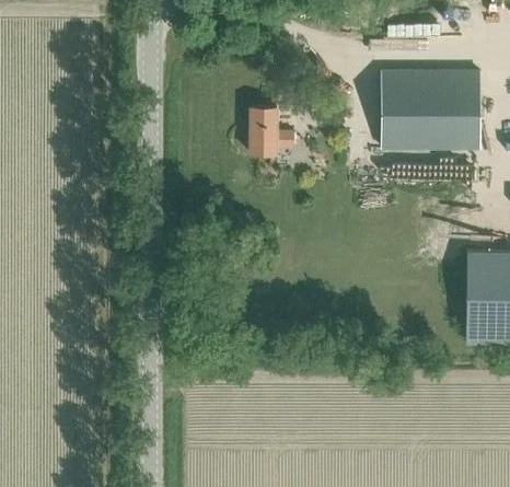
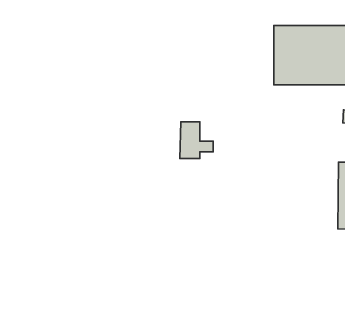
building: [251,107,294,155] -> [180,122,213,159]

